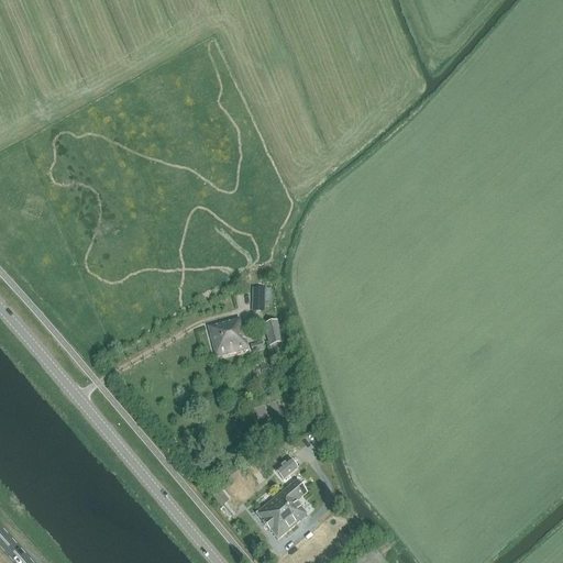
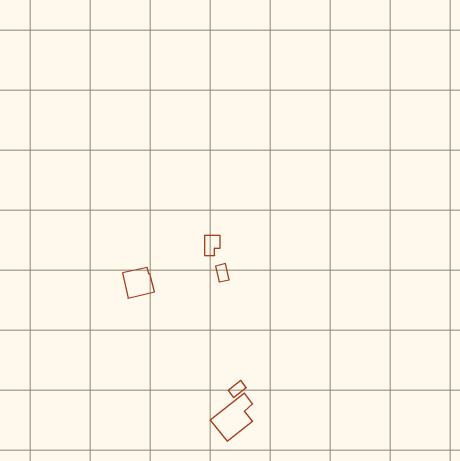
building: [210,318,249,355] -> [123,267,154,298]

